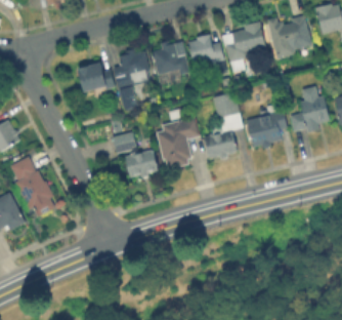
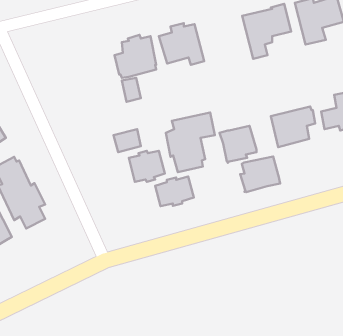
building: [189,35,226,76] -> none
building: [80,64,115,93] -> none
building: [214,94,240,119] -> none
building: none -> [240,156,280,192]
building: none -> [155,176,194,206]

